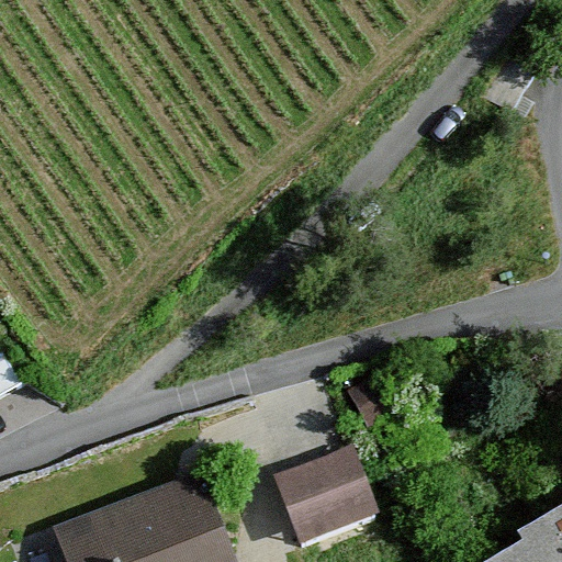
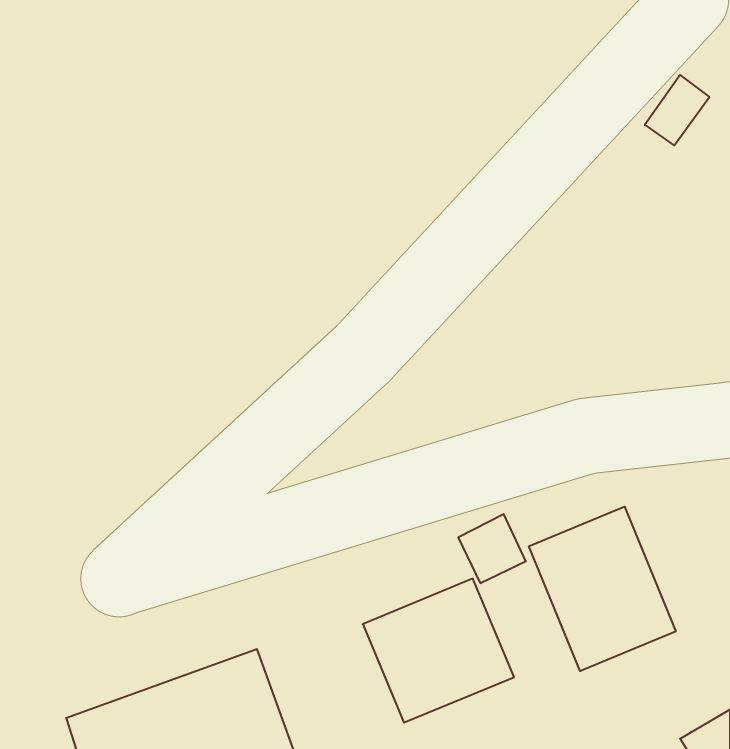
building: none -> [529,507,676,671]

